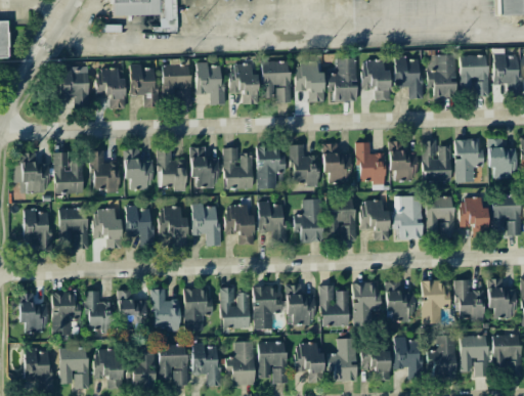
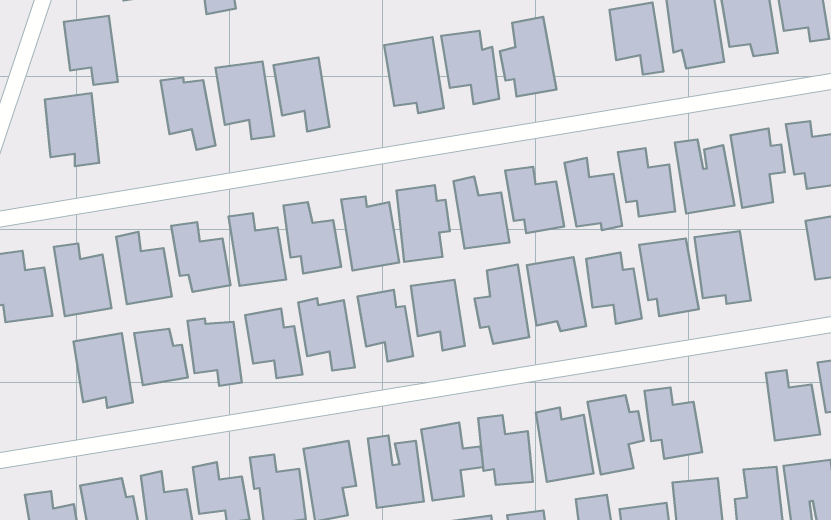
building: [362,59,390,100] -> none
building: [228,63,258,104] -> none
building: [97,69,124,107] -> [64,16,118,85]
building: [461,196,487,228] -> none
building: [24,211,49,250] -> none
building: [421,281,449,324] -> none

